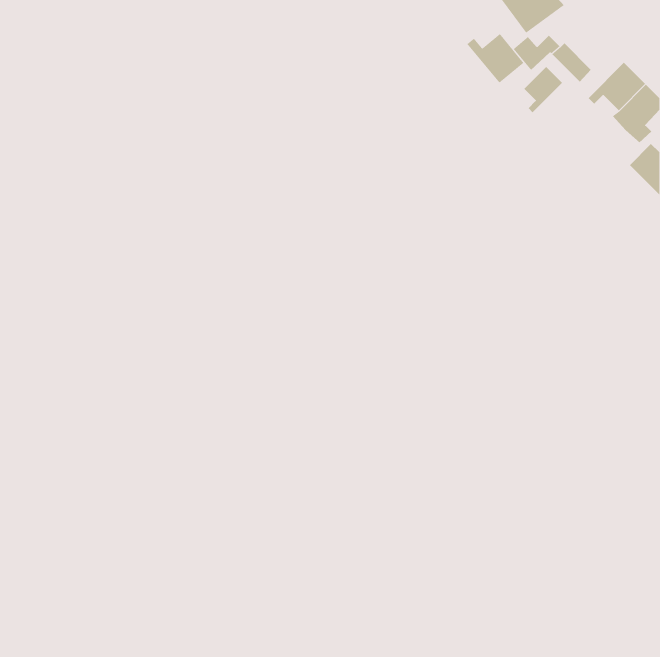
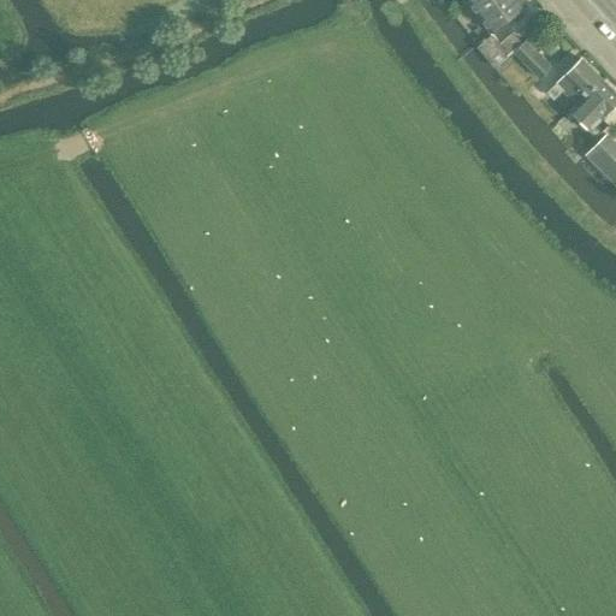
building: [467,33,524,84] -> none
building: [523,66,563,113] -> none

